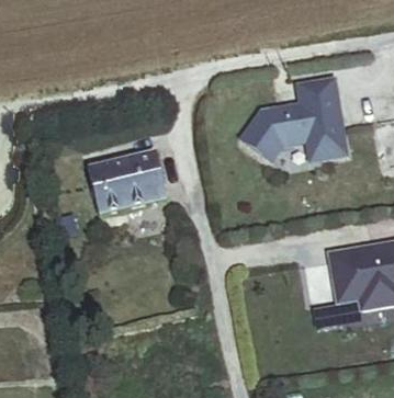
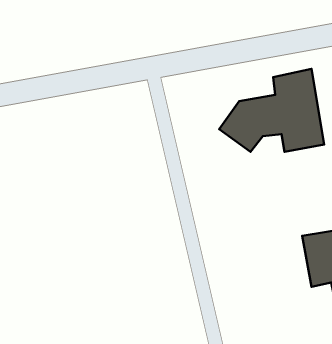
building: [90,152,166,214] -> none

